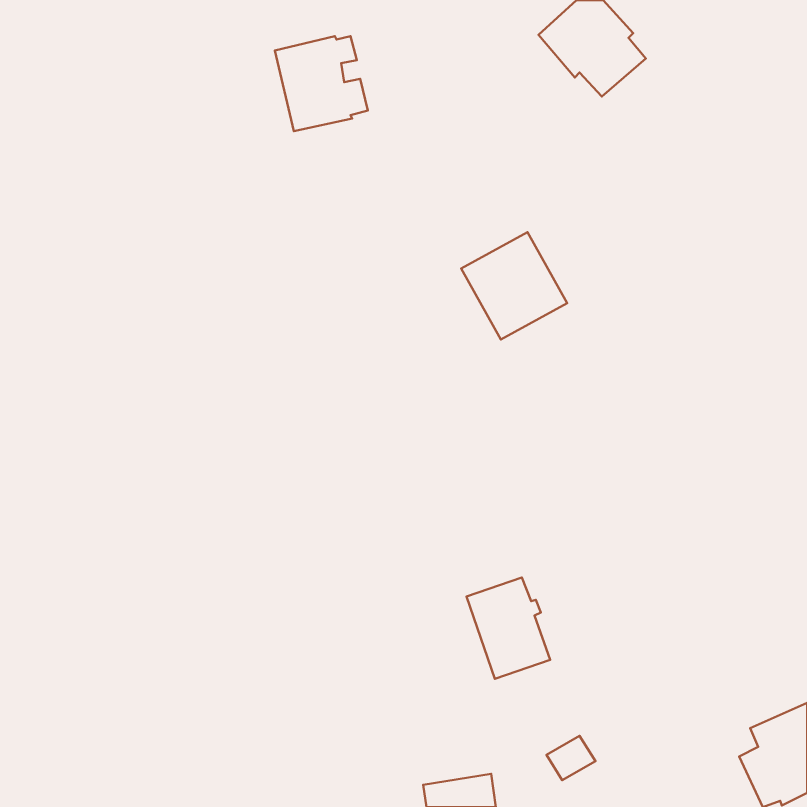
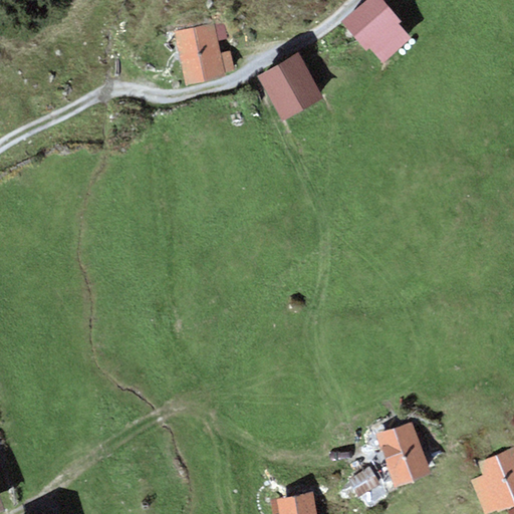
building: [461,232,567,340] -> [256,52,323,120]
building: [466,578,550,679] -> [376,421,430,485]

